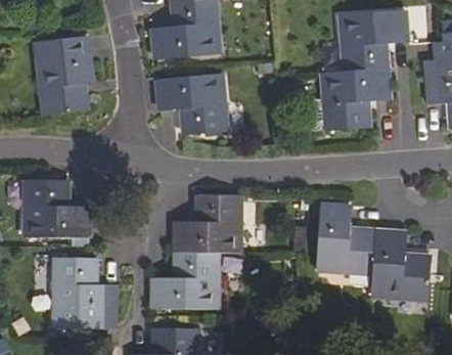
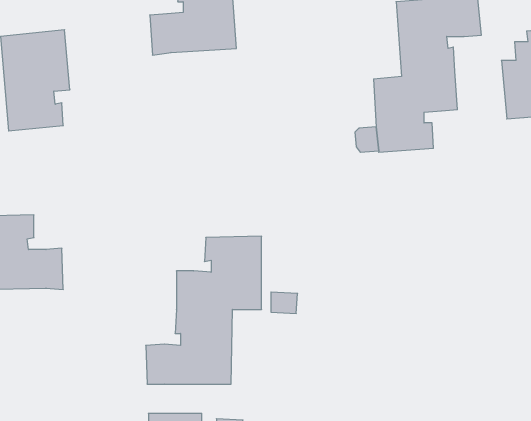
building: [154,74,223,134] -> none
building: [318,206,433,298] -> none
building: [52,258,114,328] -> none

